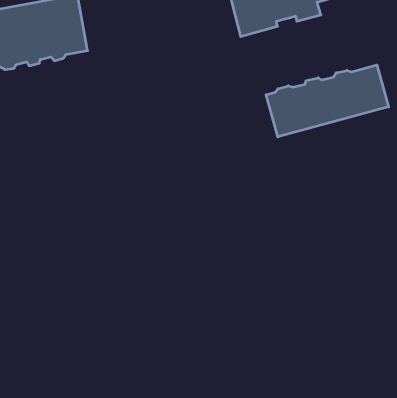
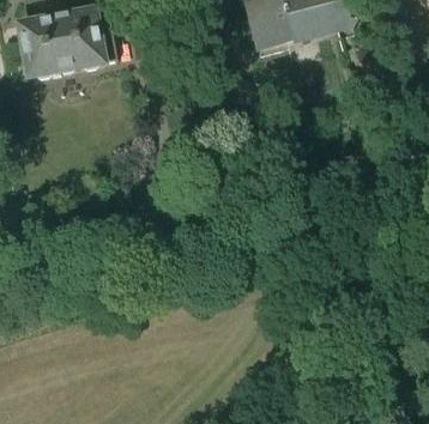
building: [266,65,389,137] -> none

